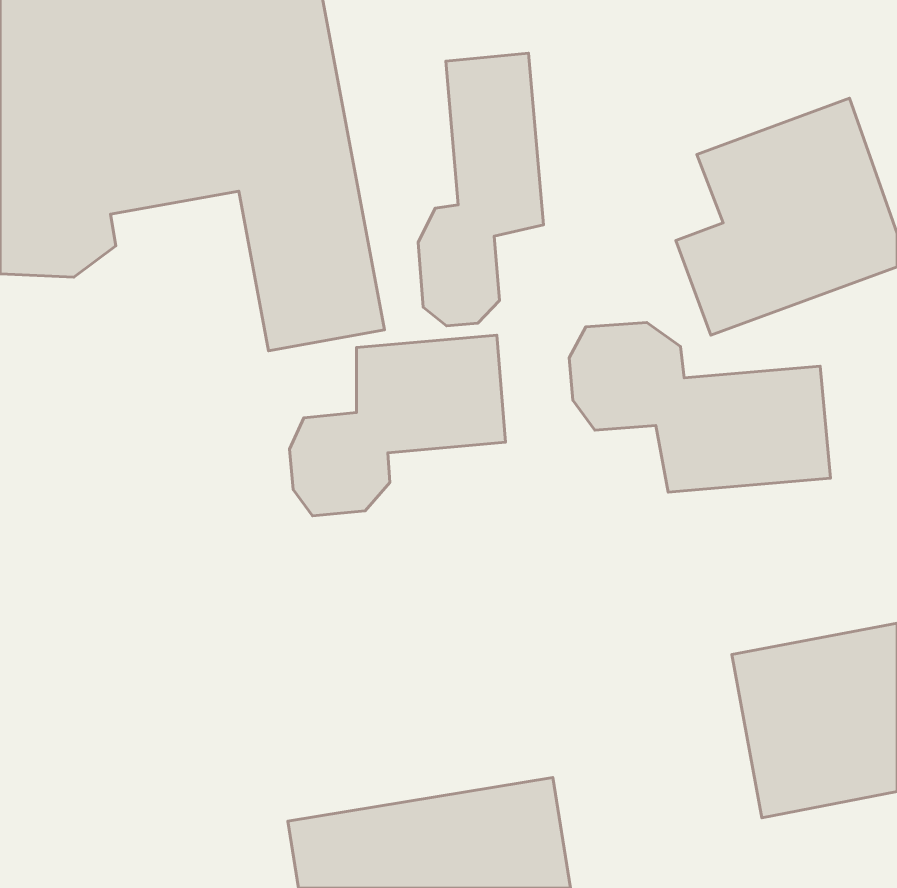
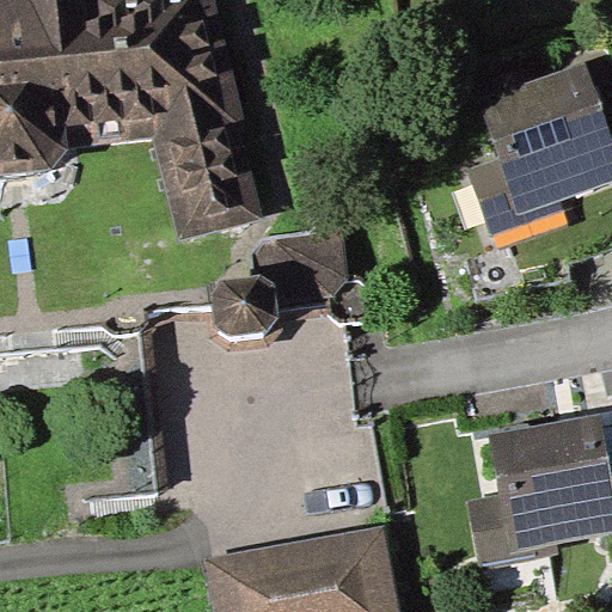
building: [418,53,544,326] -> none
building: [569,322,831,492] -> none

